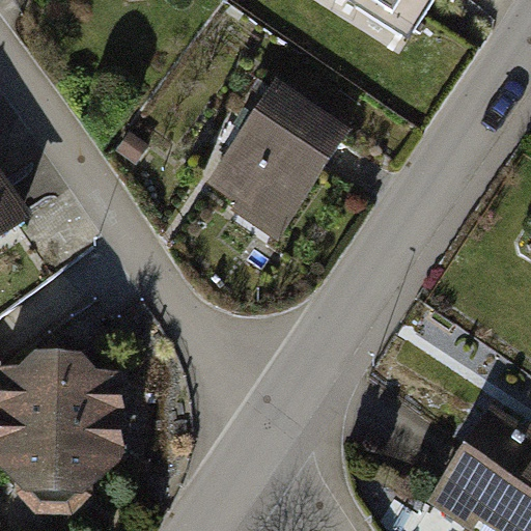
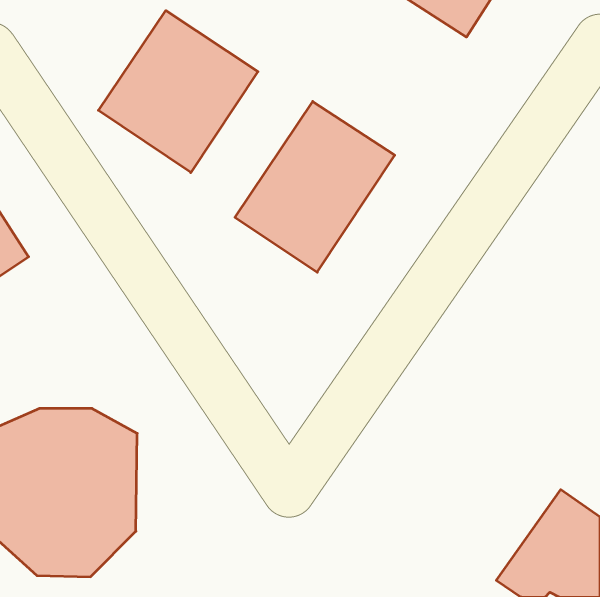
building: none -> [98,11,258,173]

